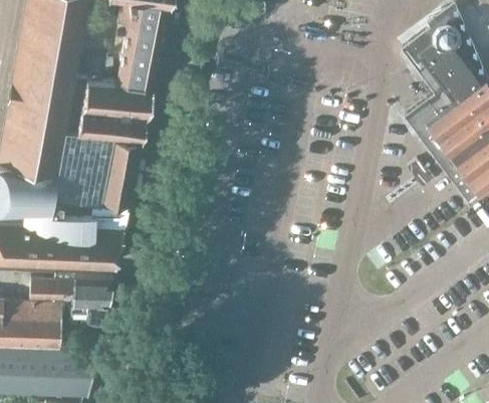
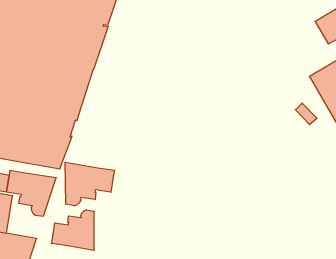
building: none -> [65,162,114,206]
building: none -> [51,210,94,251]

